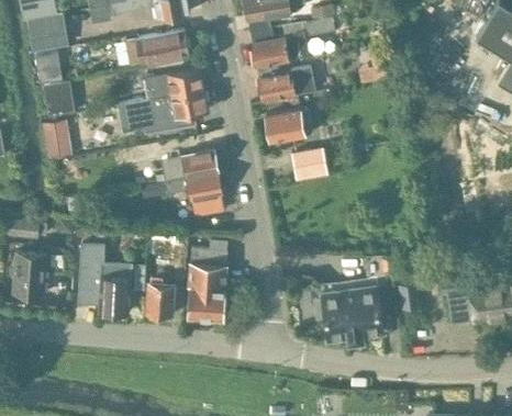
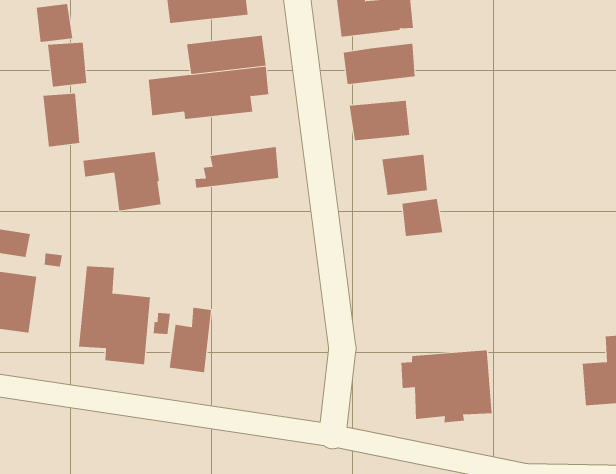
building: [165,172,224,217] -> [83,151,161,211]
building: none -> [402,198,443,237]
building: [188,241,227,321] -> none

